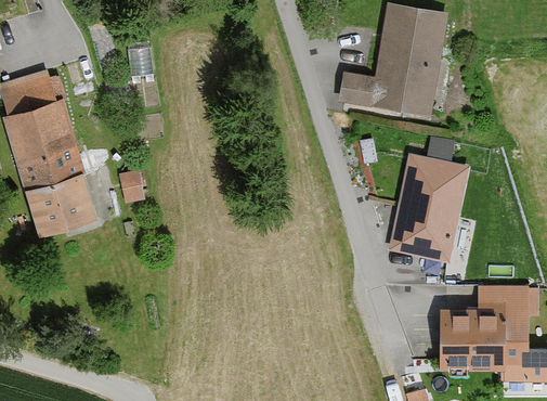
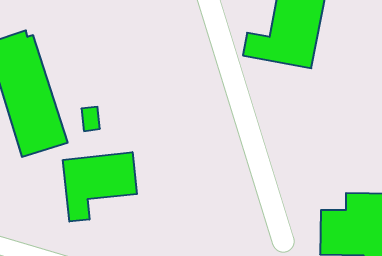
building: [389,154,469,262] -> none
building: none -> [63,152,137,222]

